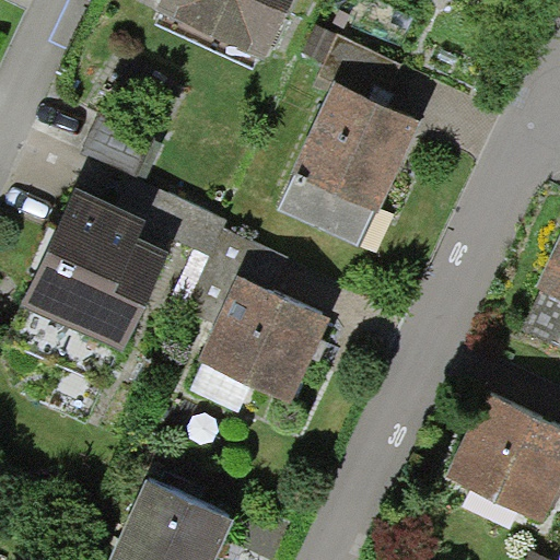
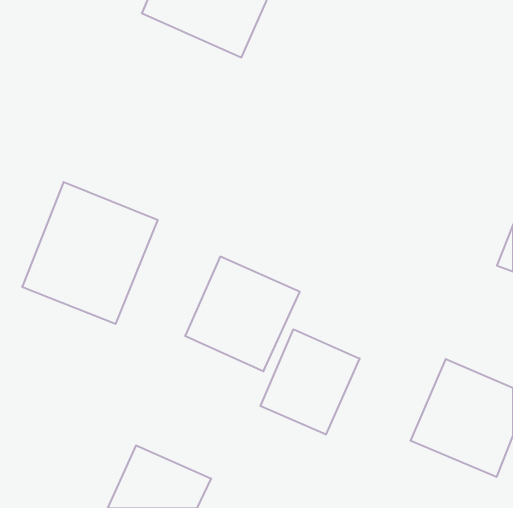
building: [284,23,422,232] -> none
building: none -> [260,329,360,435]

